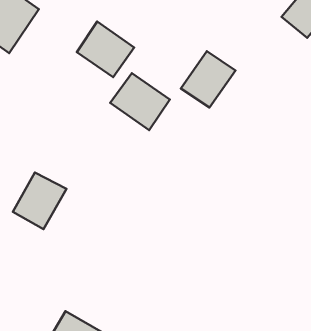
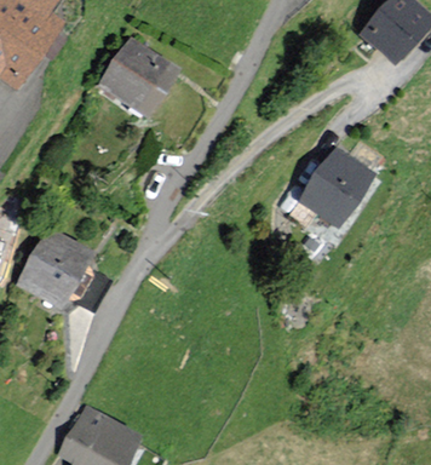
building: [181,51,235,108] -> [301,151,370,223]
building: [110,73,170,130] -> none

